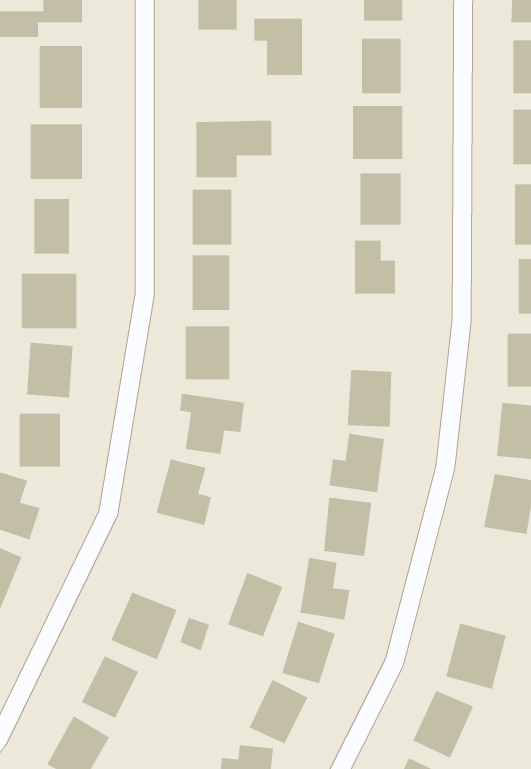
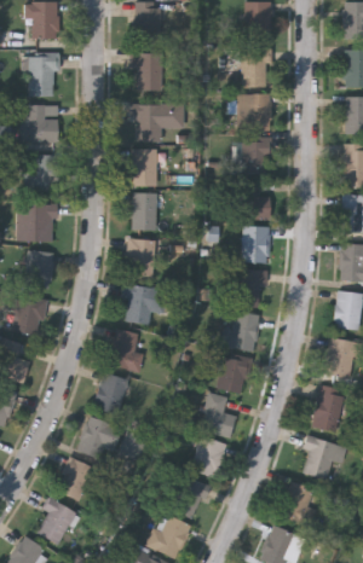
building: [254,18,303,76] -> [129,52,162,91]
building: none -> [242,226,269,262]
building: none -> [310,384,350,433]
building: [227,572,283,637] -> [92,371,129,414]

